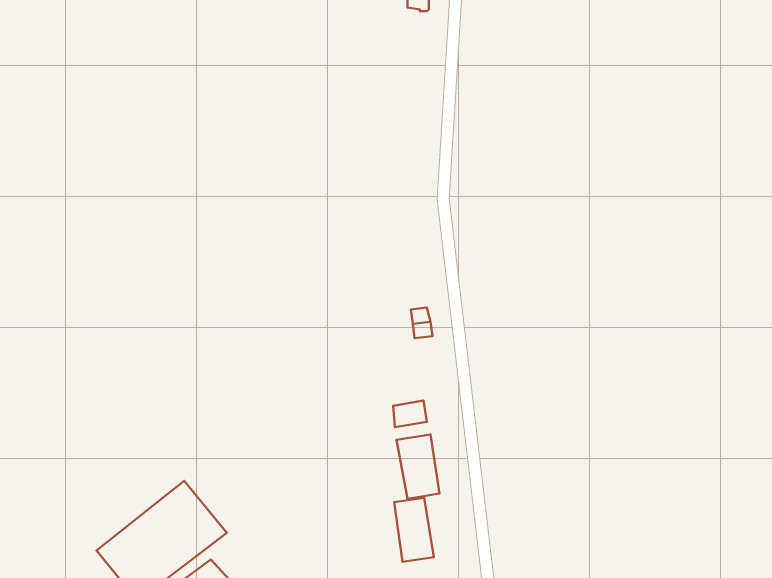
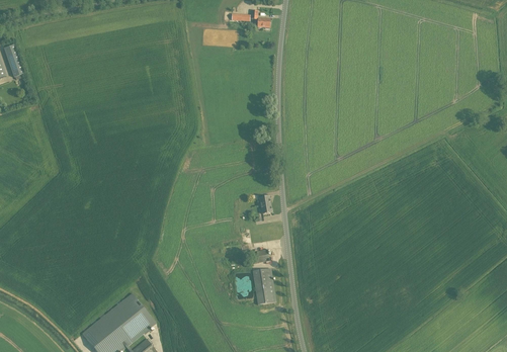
building: [394,498,434,562] -> none

